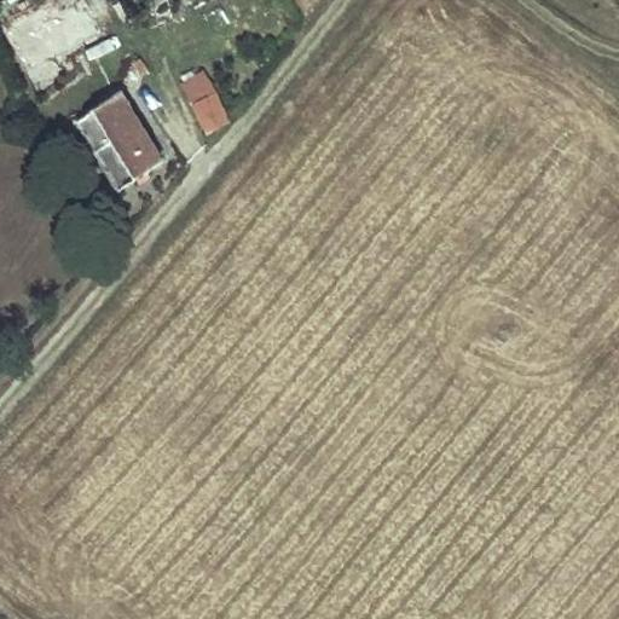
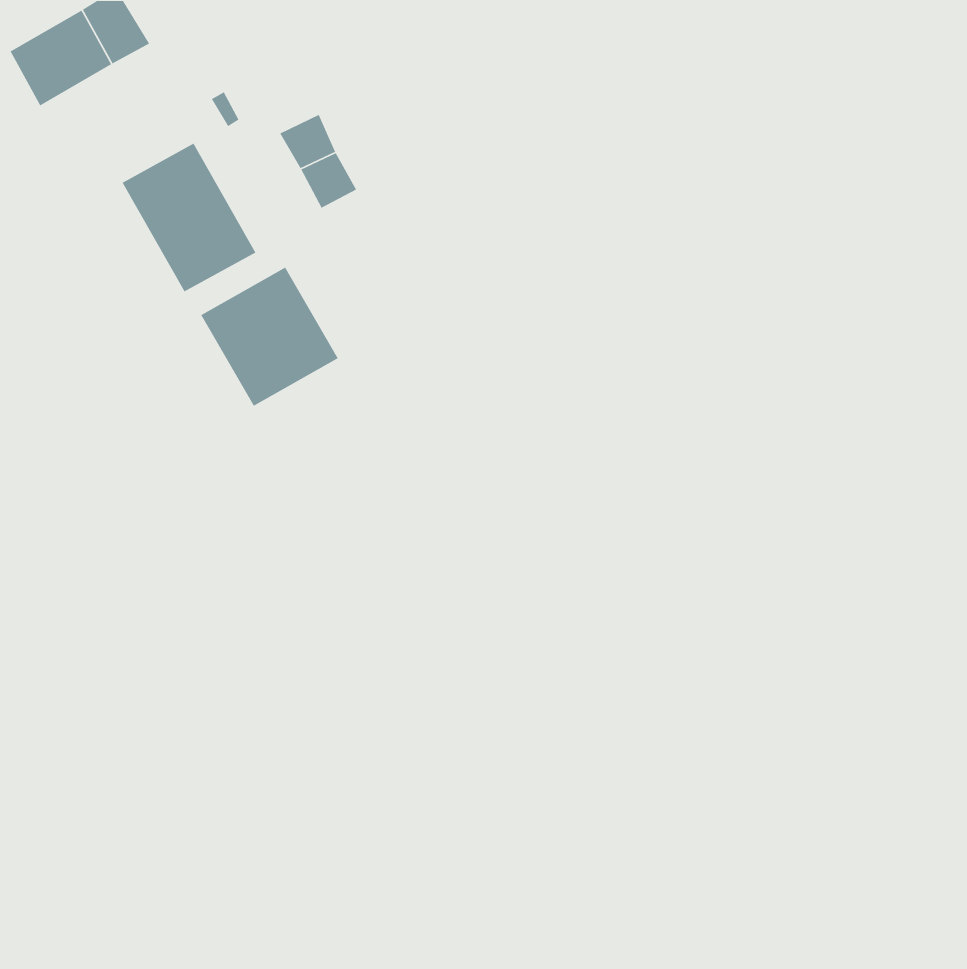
building: none -> [200,266,339,407]

